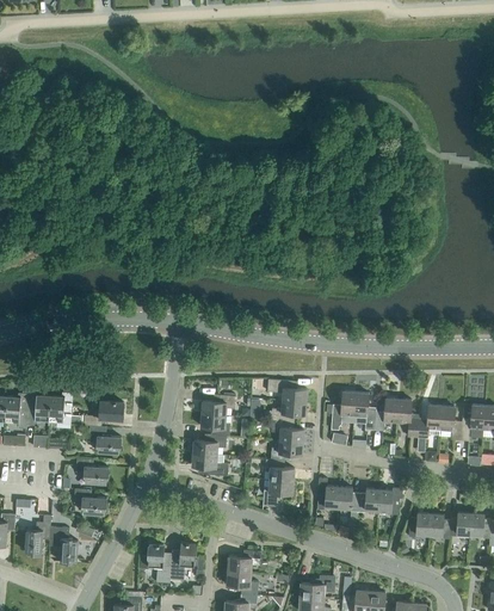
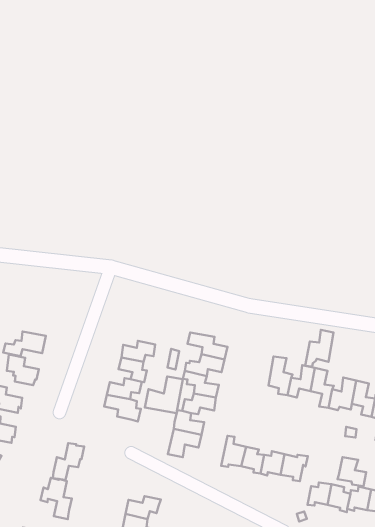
building: [331,391,354,430] -> [305,330,333,367]
building: none -> [145,377,183,413]
building: none -> [337,457,366,486]
building: [169,543,197,580] -> [53,443,84,480]

